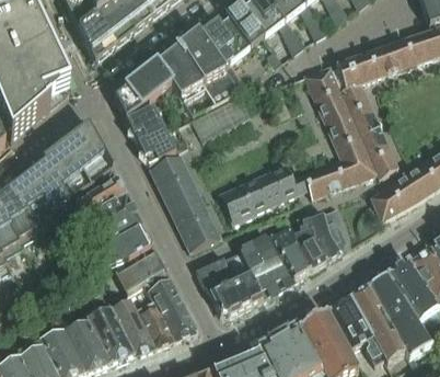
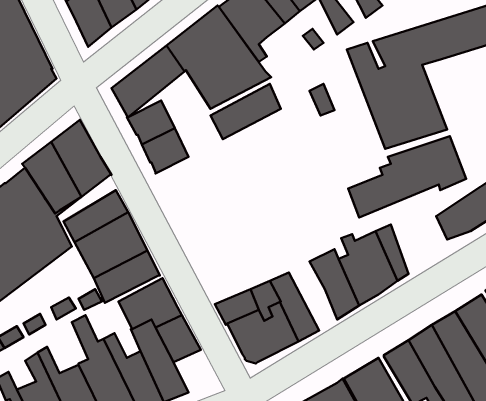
building: [151,151,221,248] -> none
building: [218,160,296,219] -> none
building: [255,235,293,287] -> none
building: [163,302,198,336] -> none

